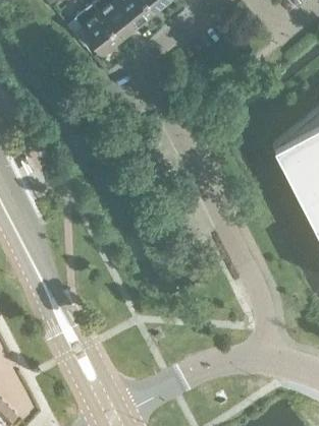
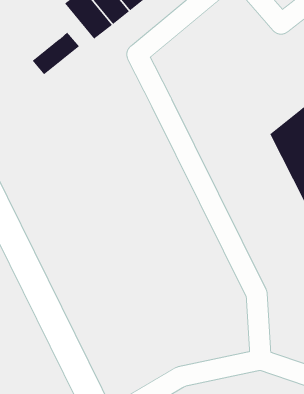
building: none -> [32,32,80,75]

